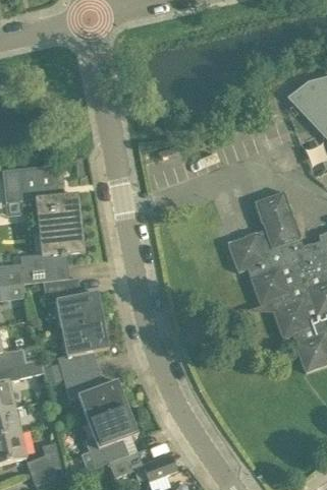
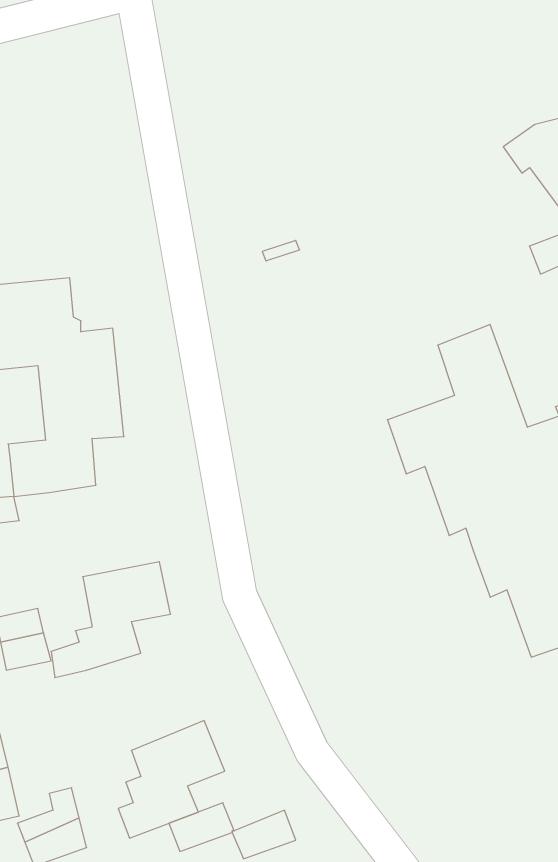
building: [42,278,102,327] -> none
building: [62,369,126,422] -> none

